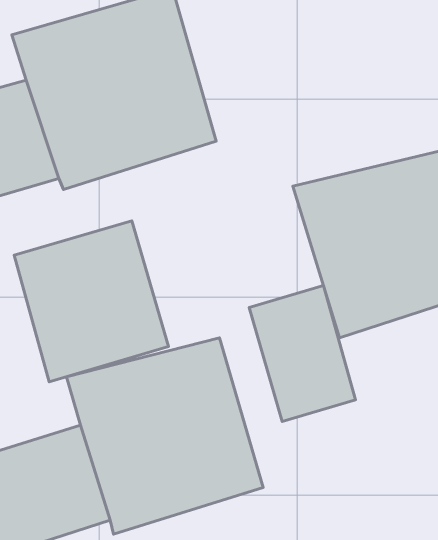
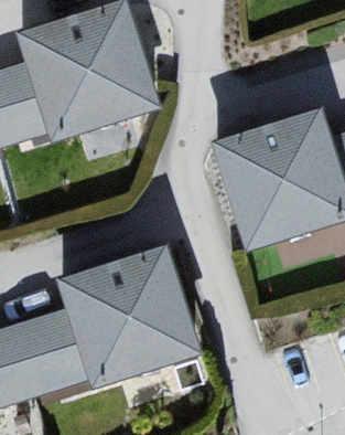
building: [14,221,168,382] -> none
building: [249,285,356,421] -> none

